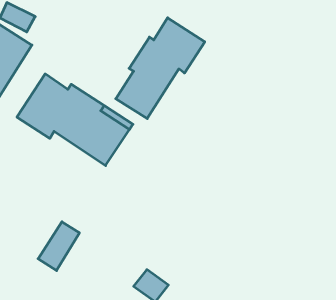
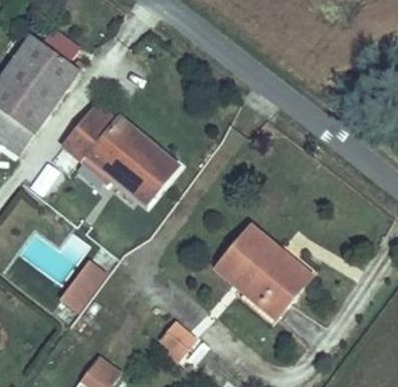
building: [116,18,205,119] -> none
building: none -> [210,225,309,321]

